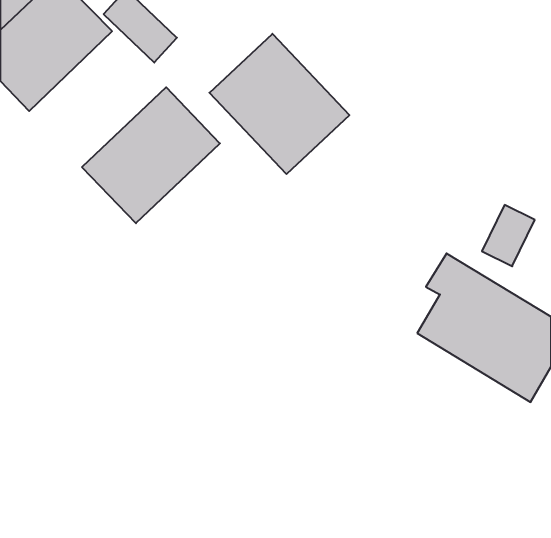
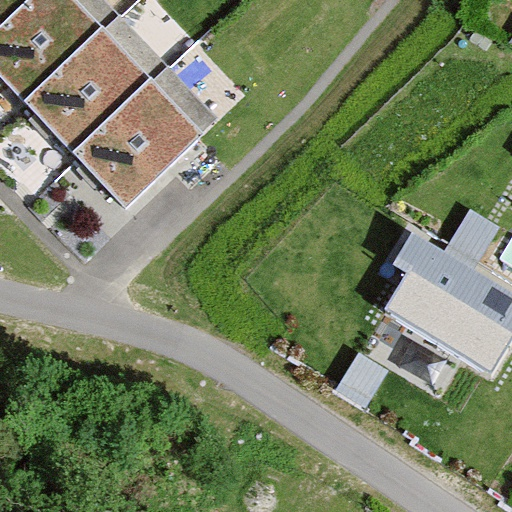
building: none -> [27,29,154,155]
building: [209,34,349,174] -> none

